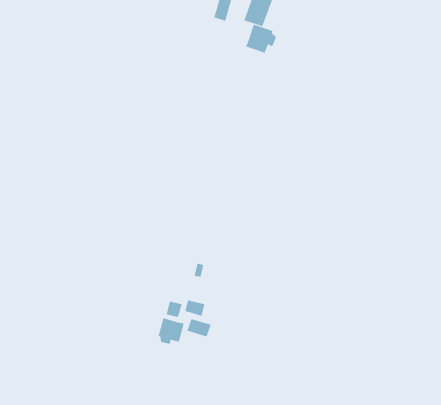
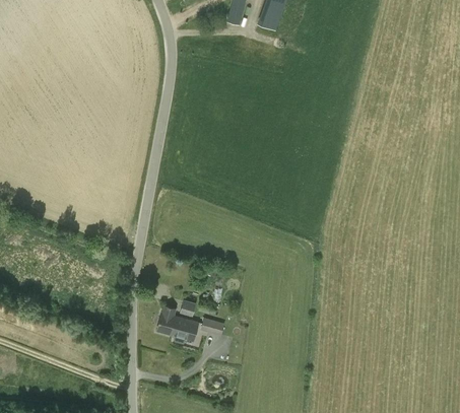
building: [246,24,276,54] -> none
building: none -> [156,306,177,336]

